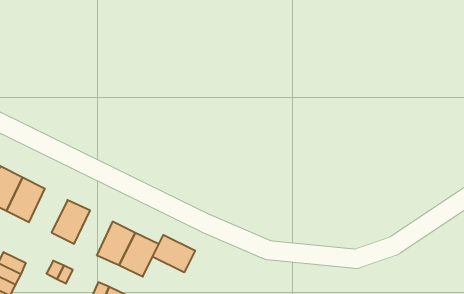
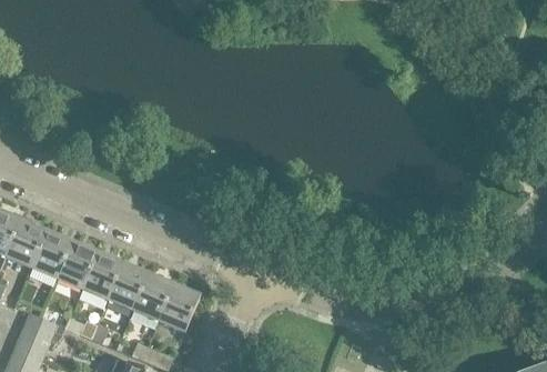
building: none -> [55,241,97,289]
building: none -> [107,262,148,311]
building: [152,235,195,272] -> none

